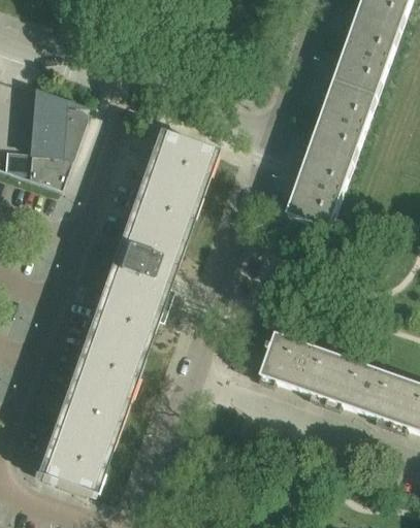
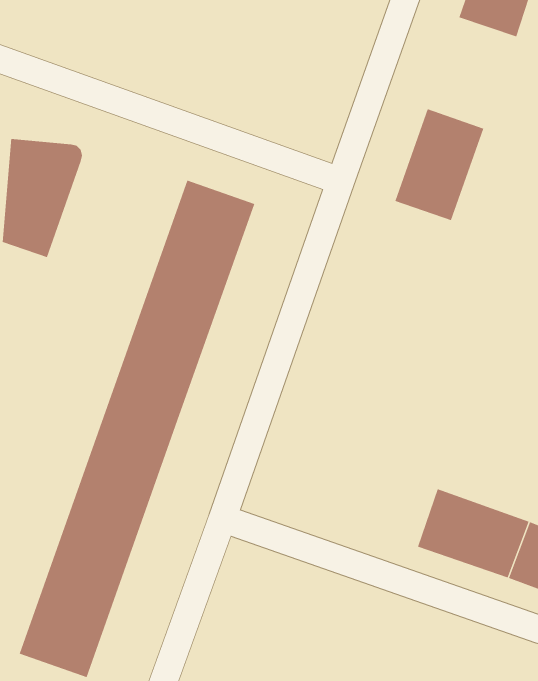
building: [336,13,401,94] -> none
building: [289,146,354,226] -> none
building: [263,331,344,397] -> none

